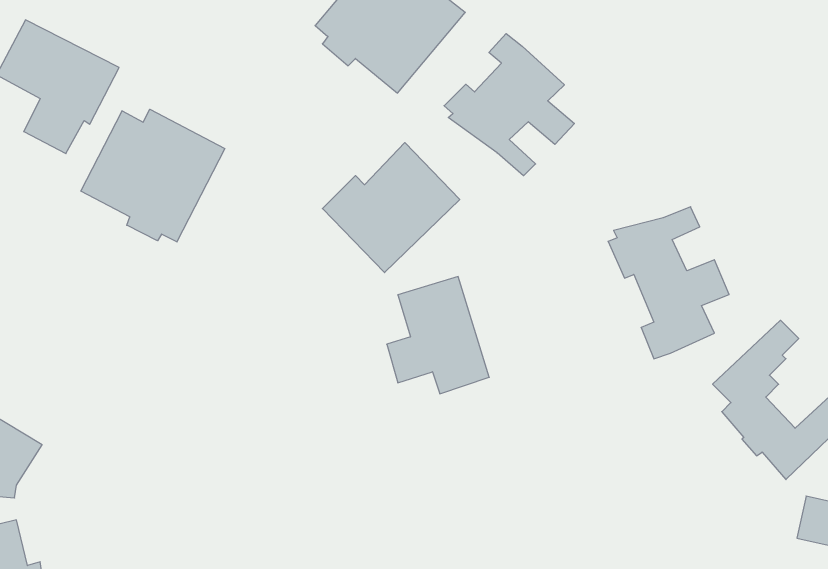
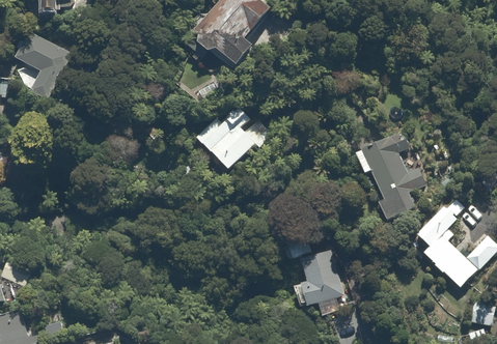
building: [444,34,574,176] -> none
building: [81,109,225,242] -> none
building: [387,277,489,394] -> [288,248,347,314]

